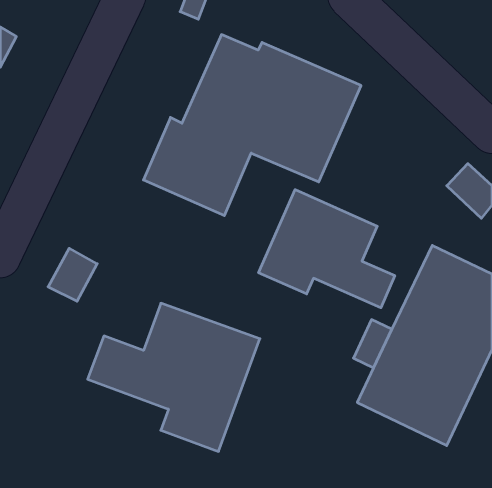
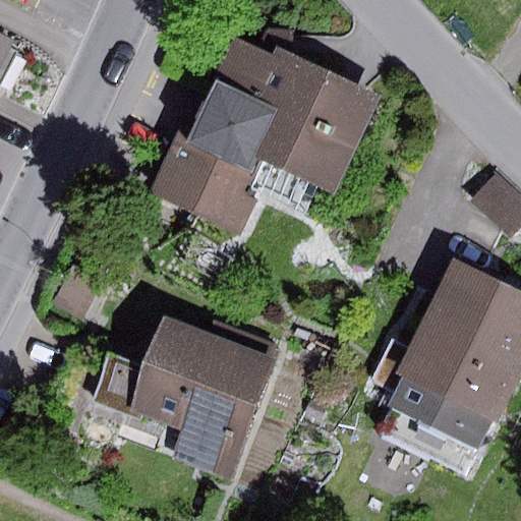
building: [259,190,395,308] -> none

